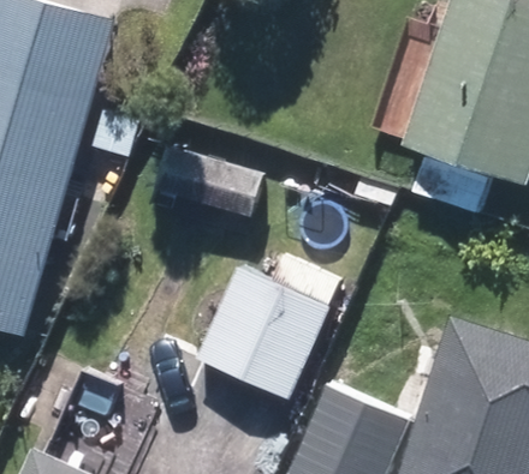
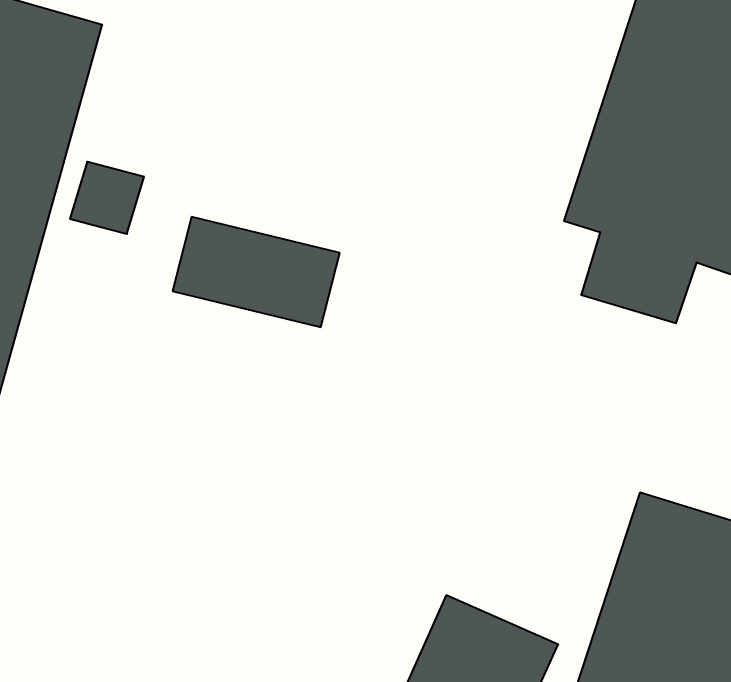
building: [196,262,337,401] -> none

